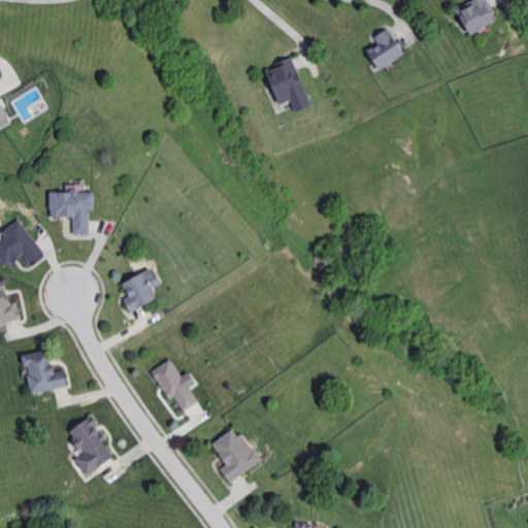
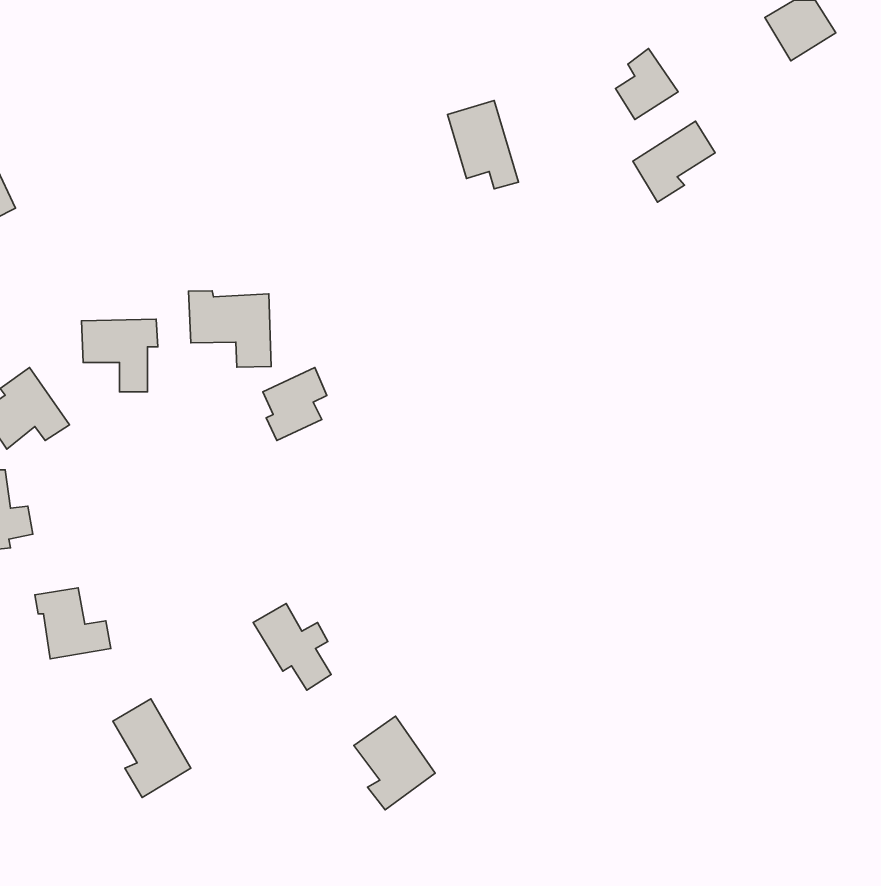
building: none -> [633,121,715,202]
building: none -> [189,291,271,367]
building: [121,267,159,310] -> [263,368,327,440]

